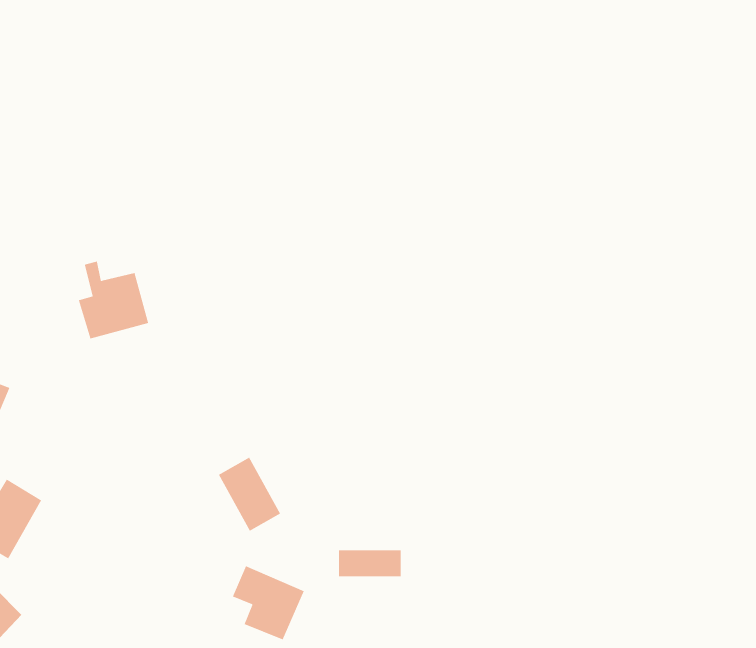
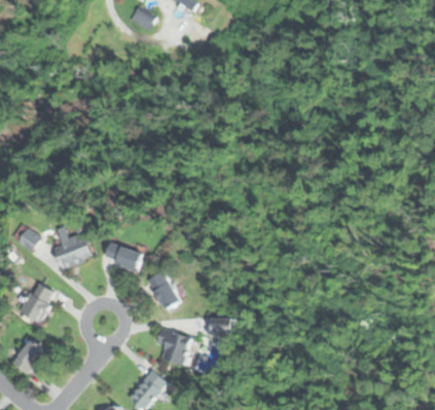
building: [78,260,149,339] -> [53,226,90,267]
building: none -> [103,241,142,270]

